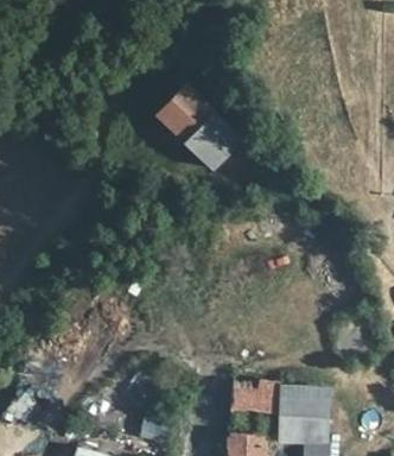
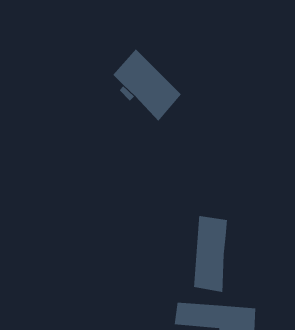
building: none -> [194,215,227,293]

